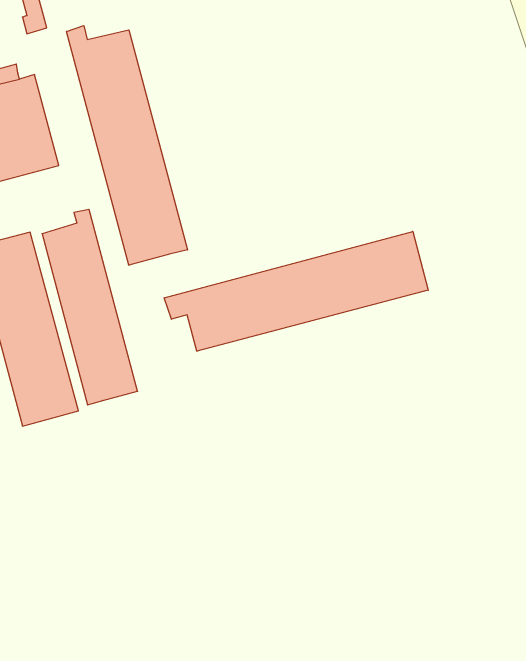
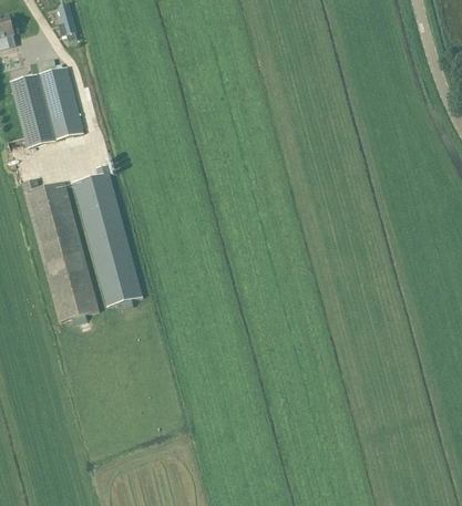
building: [67,26,188,265] -> none
building: [164,231,428,351] -> none

